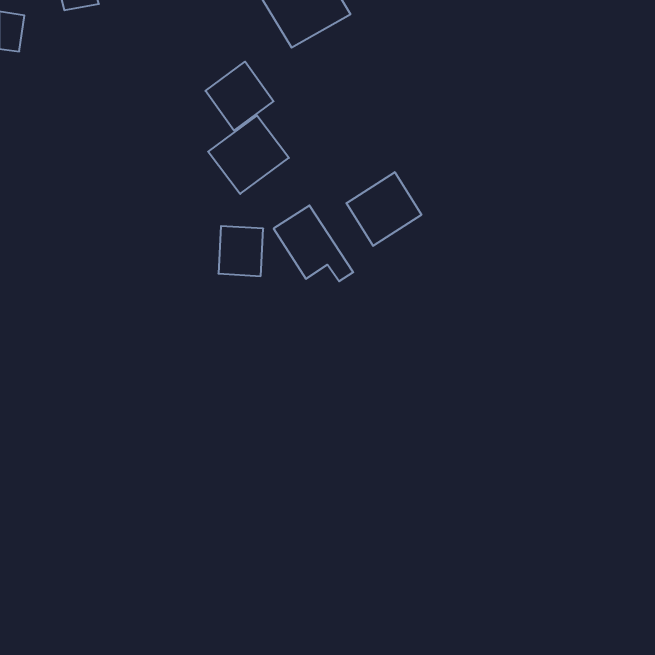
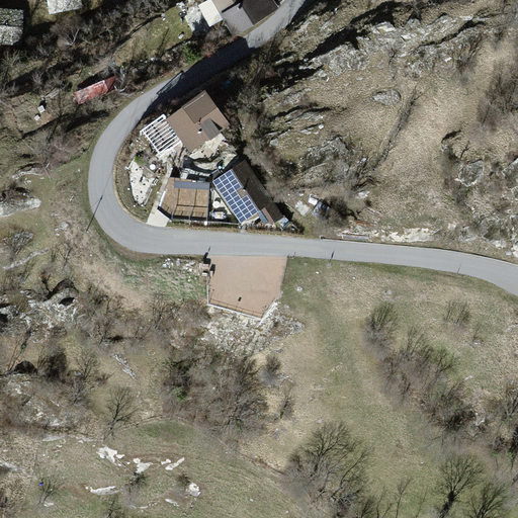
building: [205,62,274,130] -> none
building: [346,172,421,246] -> none

